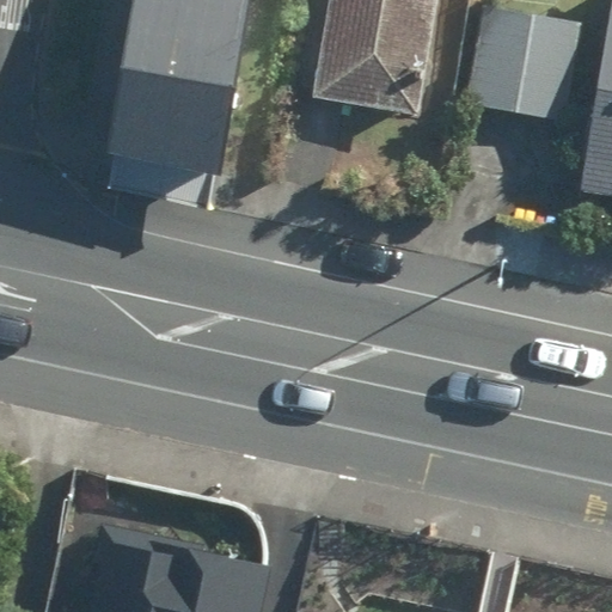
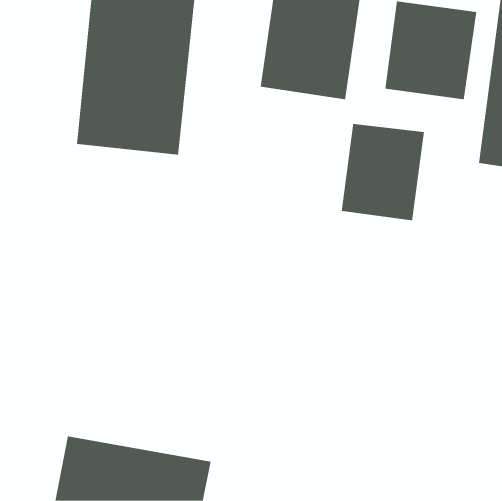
building: none -> [341,123,425,221]

